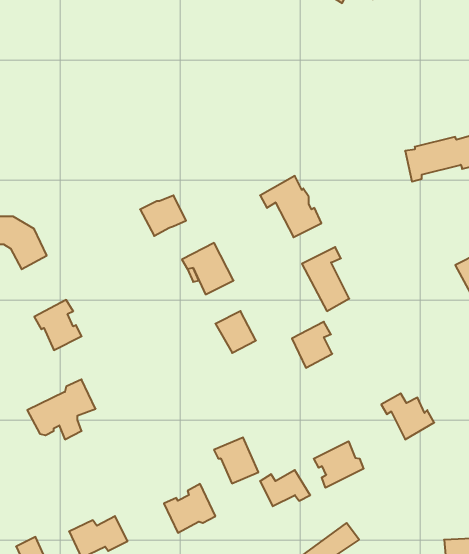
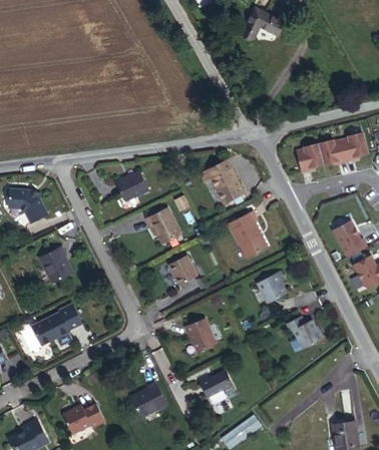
building: [292,322,332,368] -> [255,273,284,306]
building: [214,437,258,483] -> [183,322,216,355]
building: [314,441,364,488] -> none

